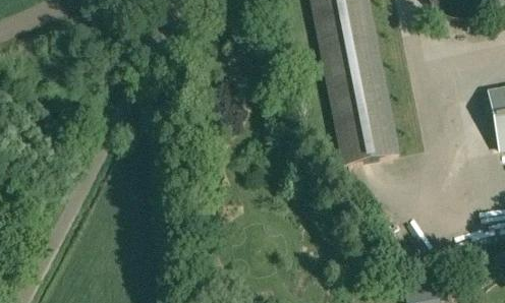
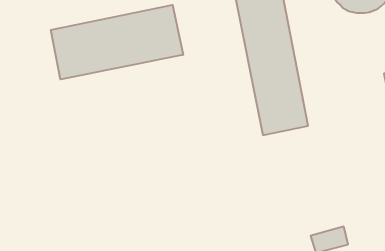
building: none -> [51,5,183,79]

